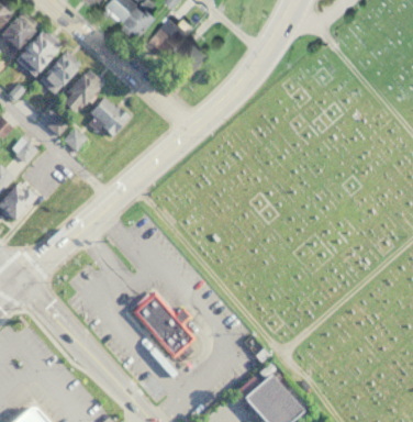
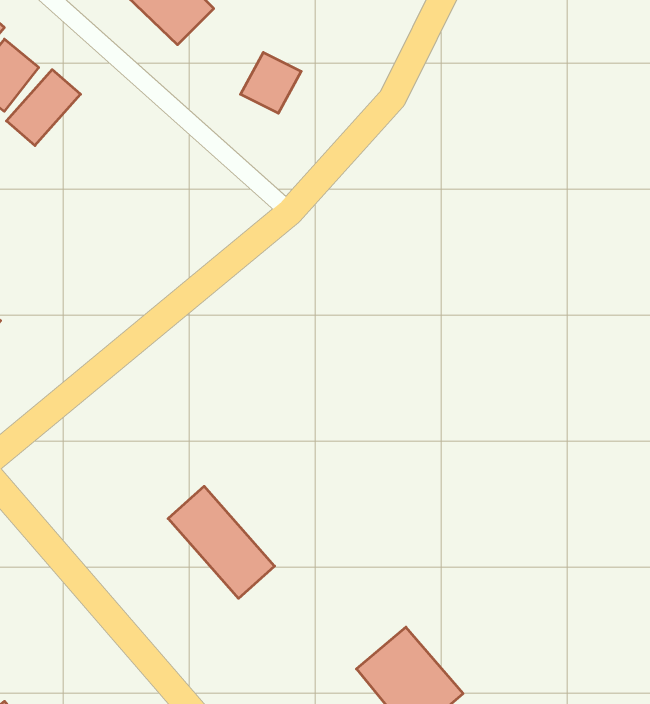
building: [147,16,189,58] -> none
building: [59,70,104,114] -> none
building: [89,97,130,140] -> none

